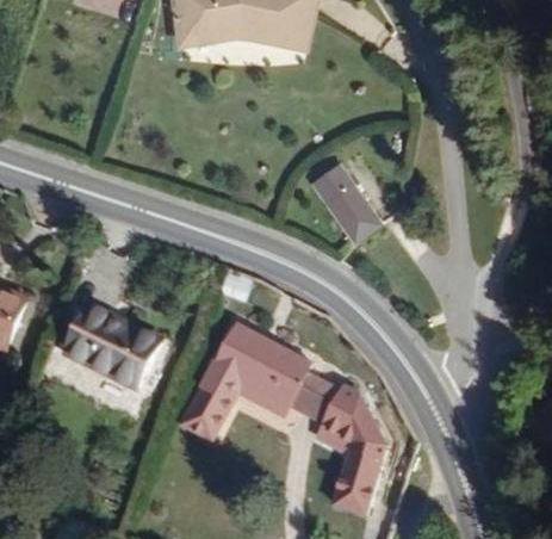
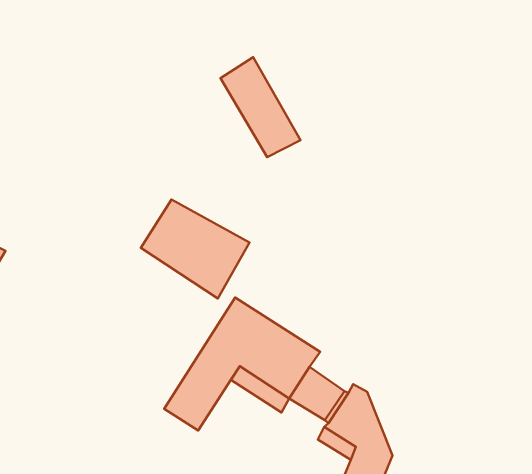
building: [306,150,383,238] -> [221,57,301,157]
building: [62,306,159,391] -> [141,200,249,298]

